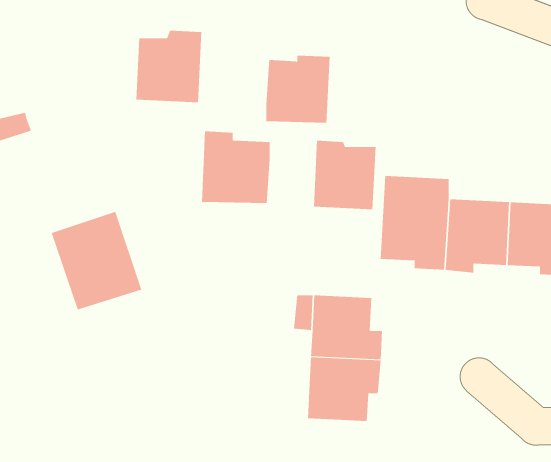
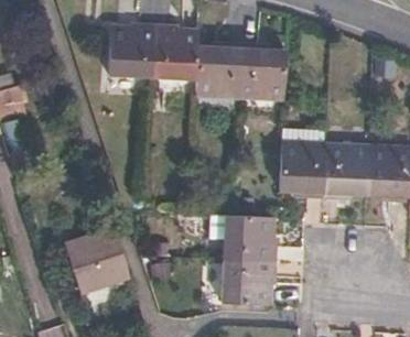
building: [201,131,271,204] -> [148,28,197,79]
building: [313,140,376,210] -> [239,45,284,95]
building: [51,211,142,310] -> [65,222,130,293]

